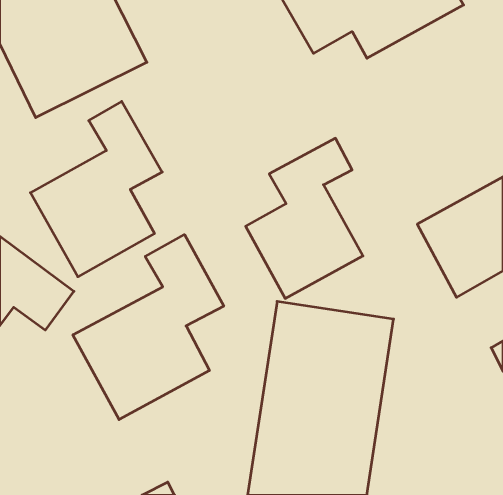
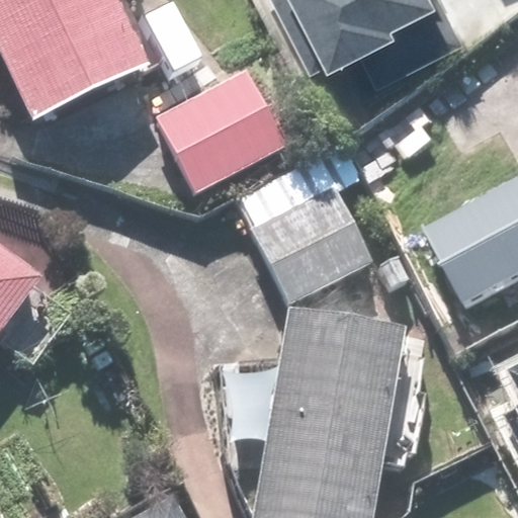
building: none -> [154,69,287,192]
building: [30,101,162,277] -> none
building: [73,235,224,420] -> none

